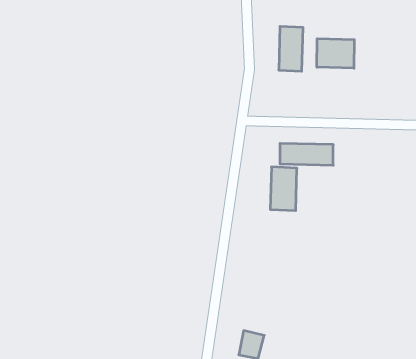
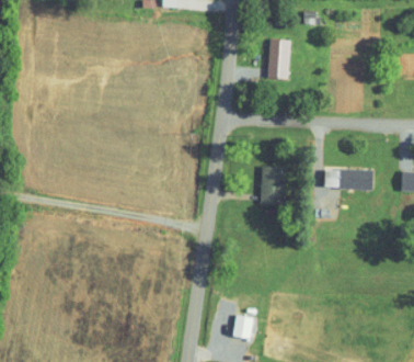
building: [317,39,354,68] -> none
building: [280,143,333,165] -> [325,169,373,189]

